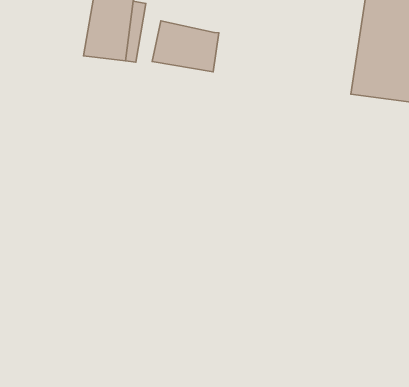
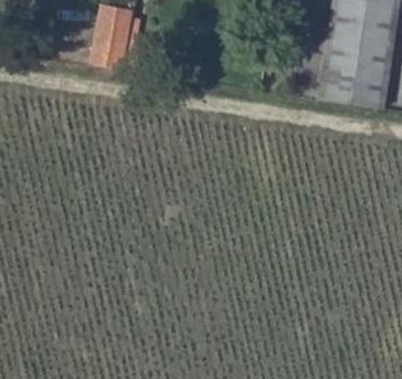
building: [152,21,219,72] -> none

